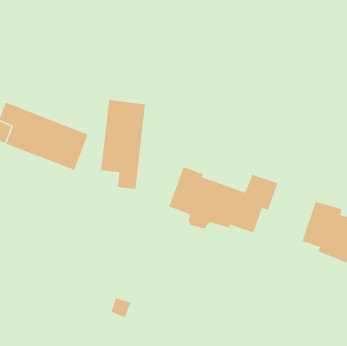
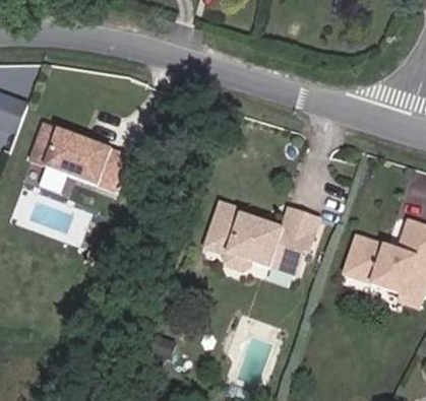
building: [100,99,146,190] -> none

